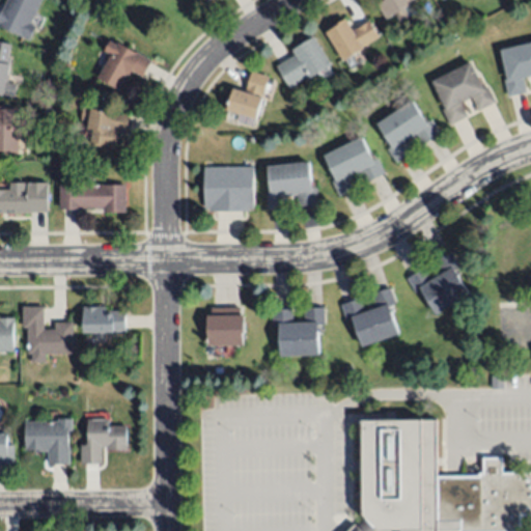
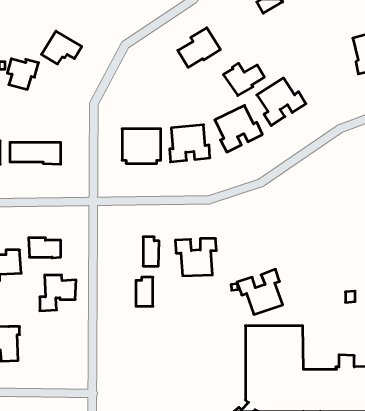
building: [325,19,378,60] -> [223,63,264,96]
building: [431,62,494,124] -> none
building: [226,72,268,119] -> none
building: [88,109,129,148] -> [7,59,39,89]
building: [406,251,469,315] -> none
building: [340,288,399,346] -> [237,269,283,314]
building: [208,306,230,343] -> [136,277,153,306]
building: [80,419,127,465] -> [40,275,76,311]

